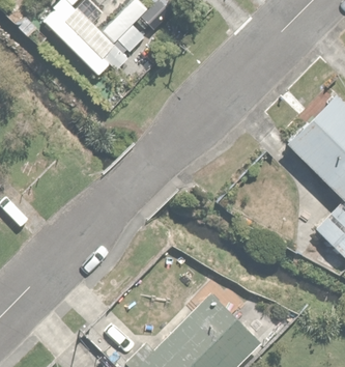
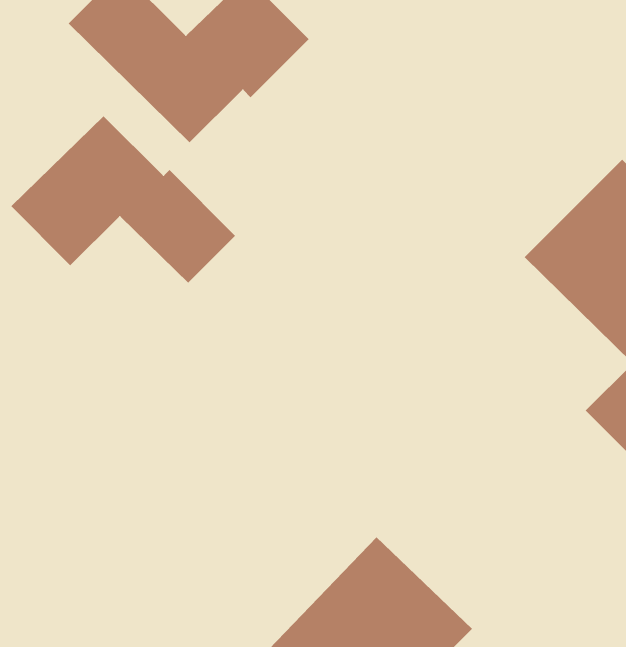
building: none -> [10,115,236,284]

